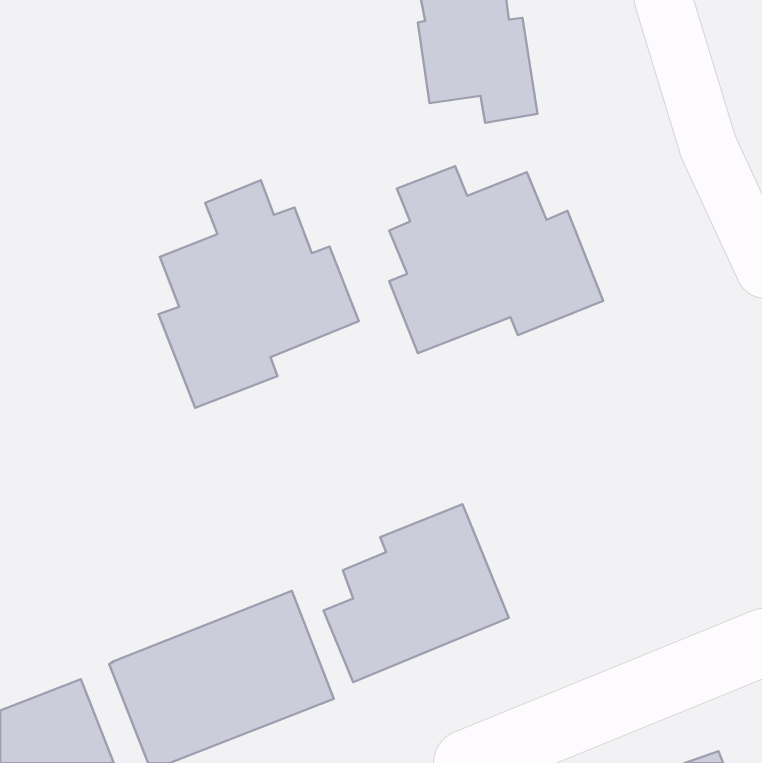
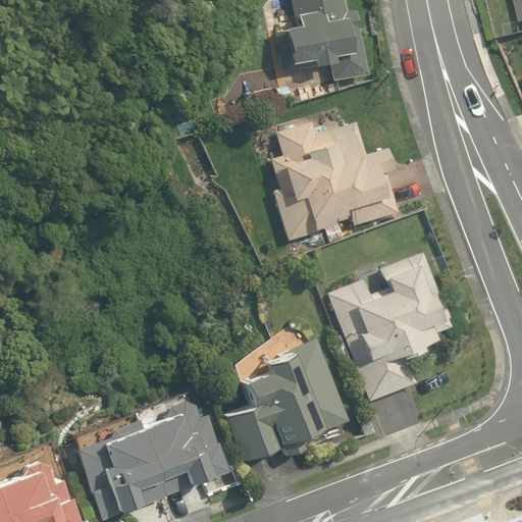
building: [158,180,359,408] -> none
building: none -> [324,246,464,407]

